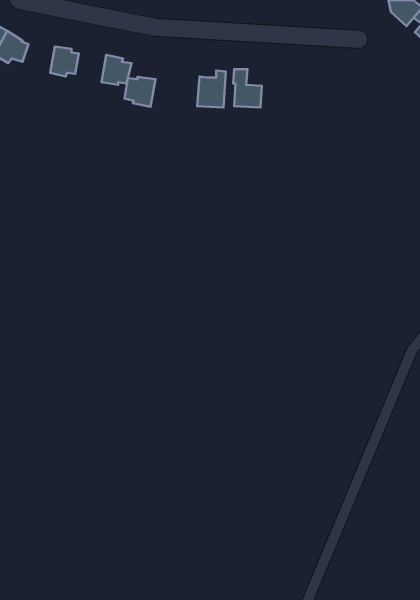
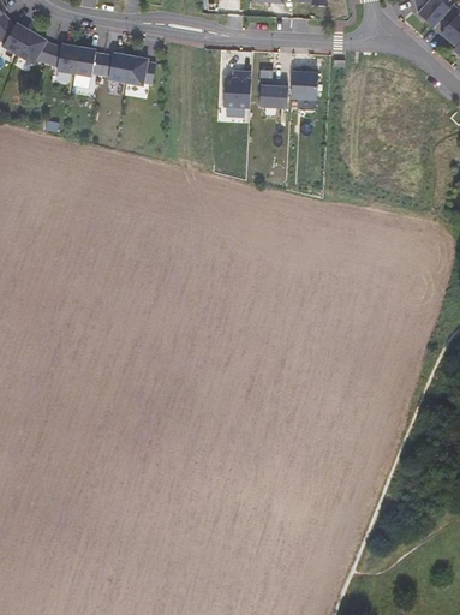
building: none -> [47,43,79,73]
building: none -> [291,68,317,98]
building: [124,77,155,107] -> [100,53,131,83]

